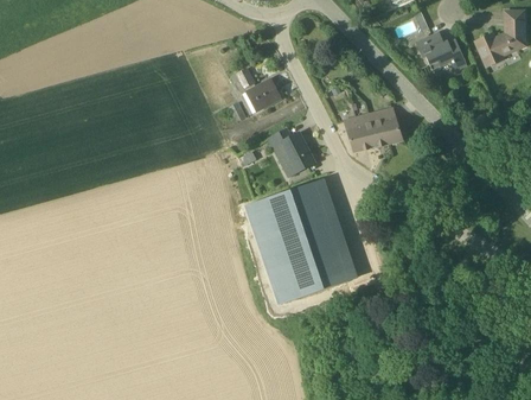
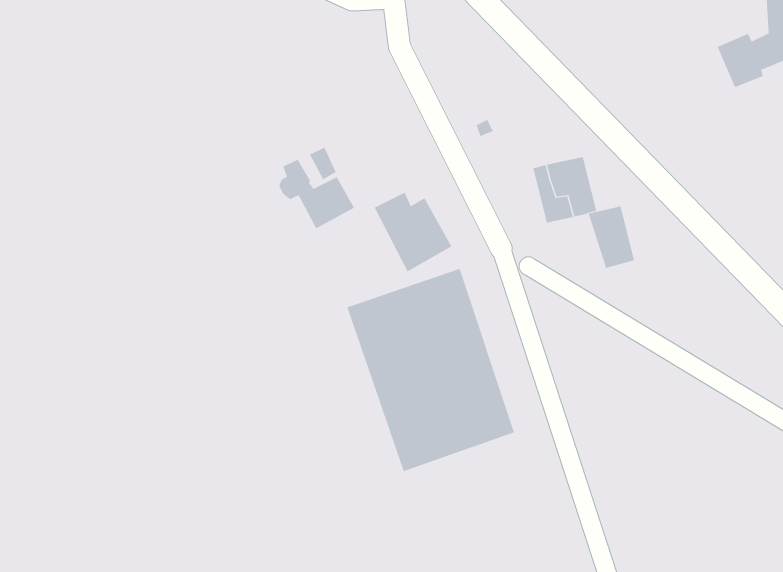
building: [418,32,467,69] -> none
building: [235,68,281,110] -> [278,159,355,229]
building: [344,114,372,152] -> [588,206,635,268]

